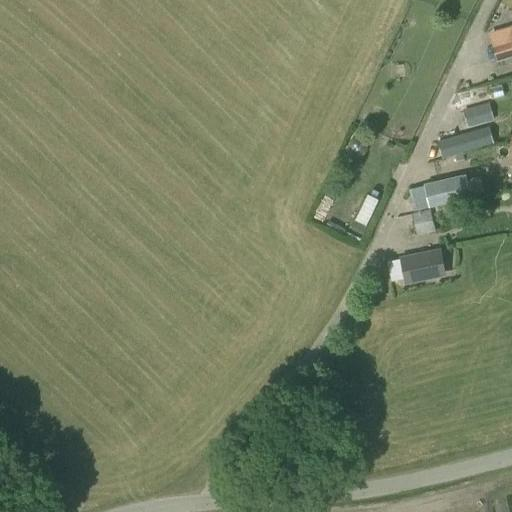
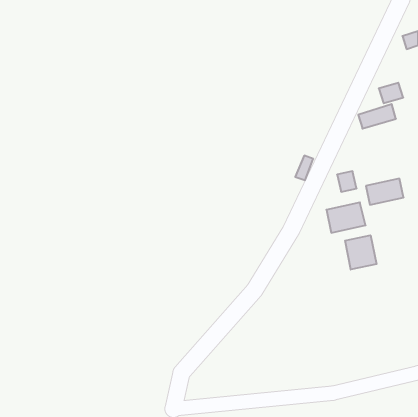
building: [424,174,470,206] -> [366,179,404,205]
building: none -> [345,235,377,270]

